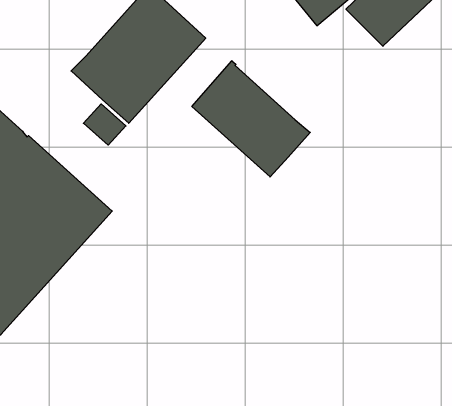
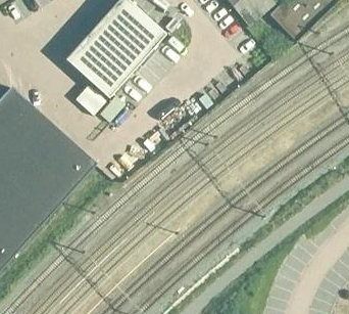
building: [192,61,310,177] -> none

